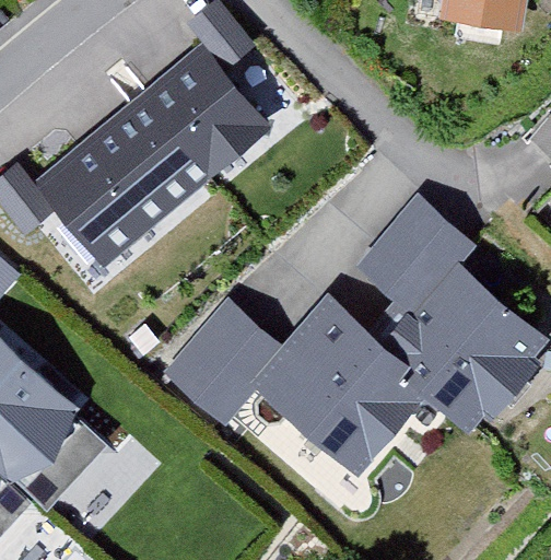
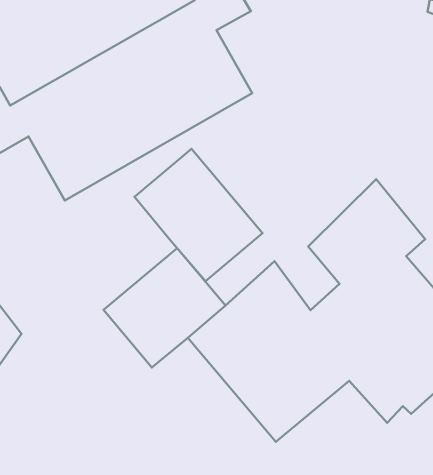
building: none -> [135,149,263,281]

